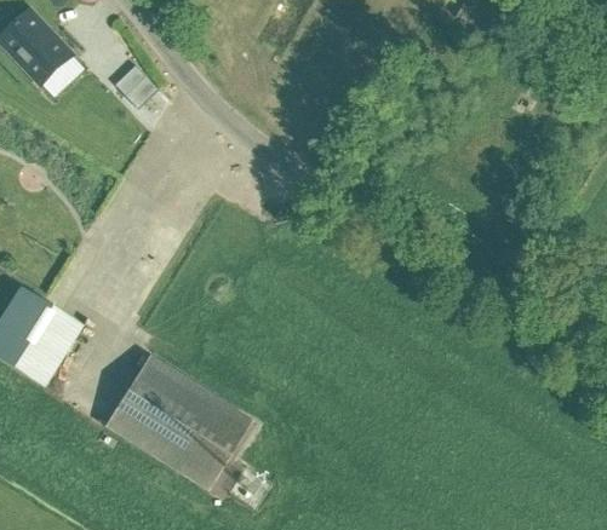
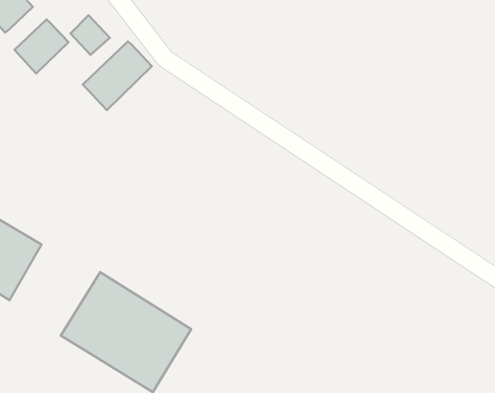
building: none -> [14,20,68,73]
building: none -> [83,42,152,110]

